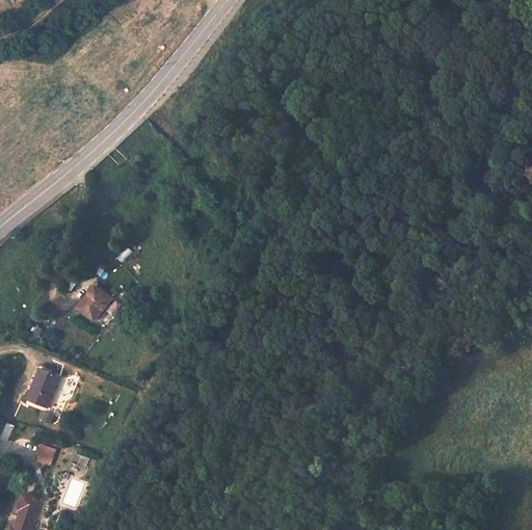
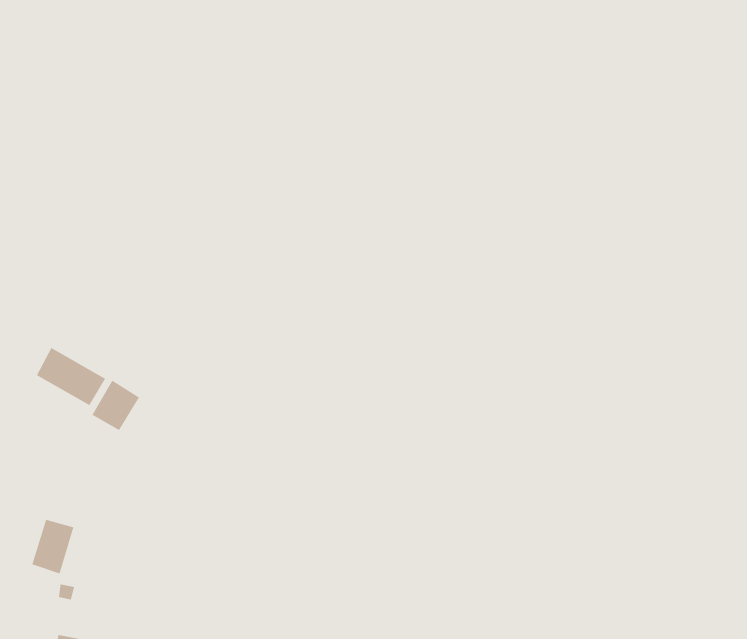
building: none -> [36,347,106,406]

